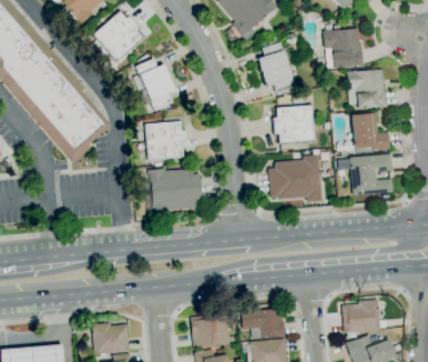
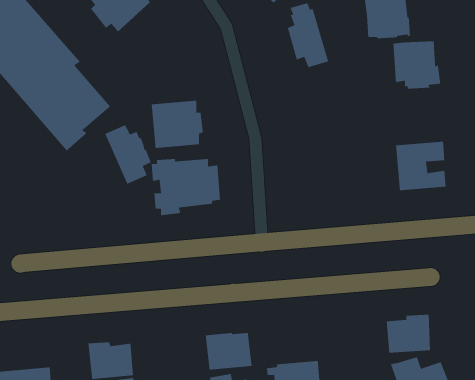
building: [135,59,175,110] -> [104,124,152,185]
building: [272,104,315,145] -> none
building: [350,113,389,151] -> none
building: [268,155,323,203] -> none
building: [241,309,284,339] -> none

